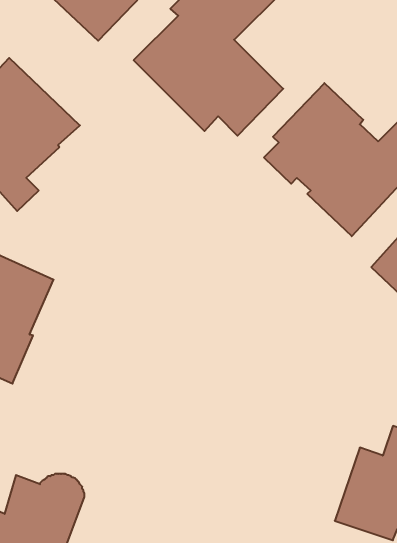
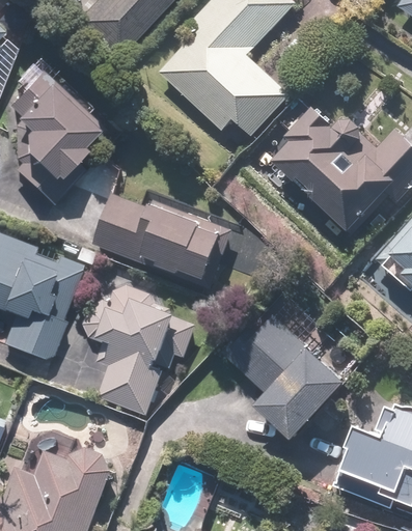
building: none -> [90,193,230,280]
building: none -> [84,285,180,416]
building: none -> [227,298,353,437]

